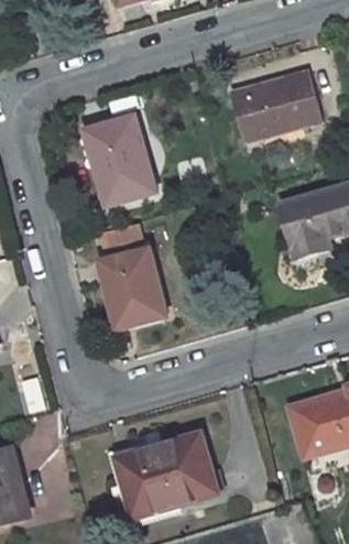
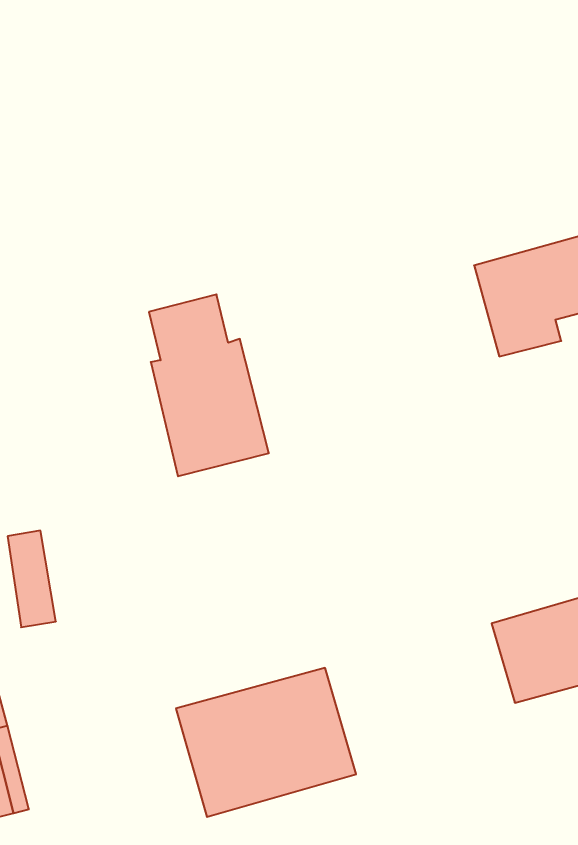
building: [229,73,319,144] -> none
building: [86,113,153,203] -> none

